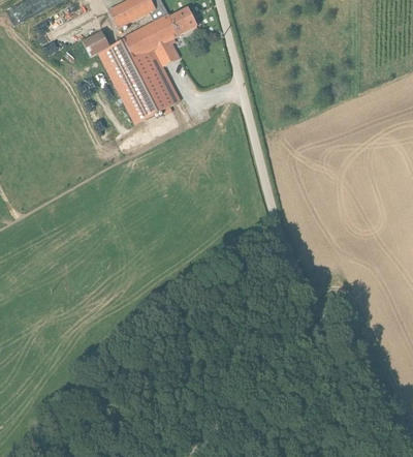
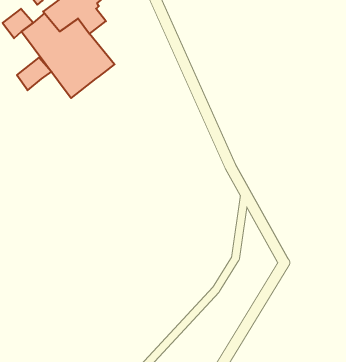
building: none -> [17,57,52,90]

